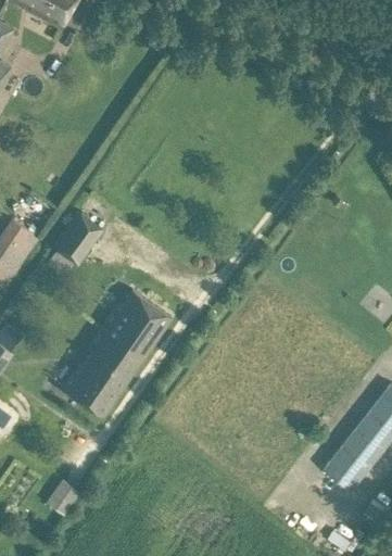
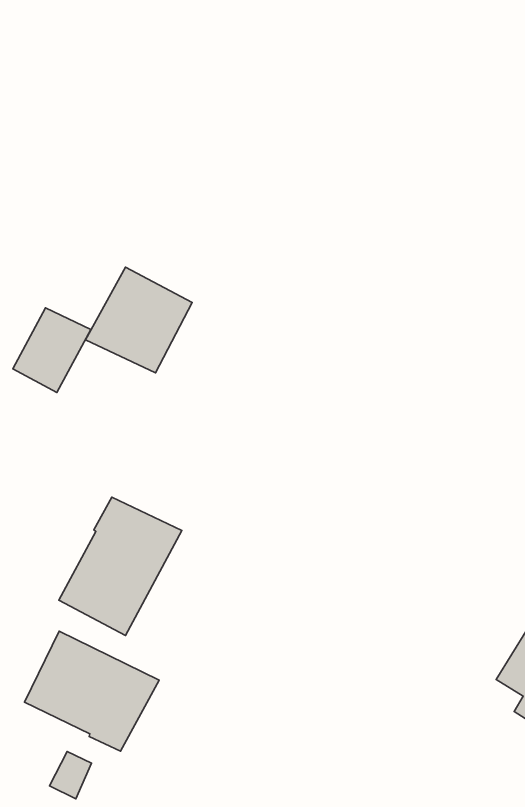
building: [103,289,170,355] -> [85,267,192,373]
building: none -> [24,631,159,751]

